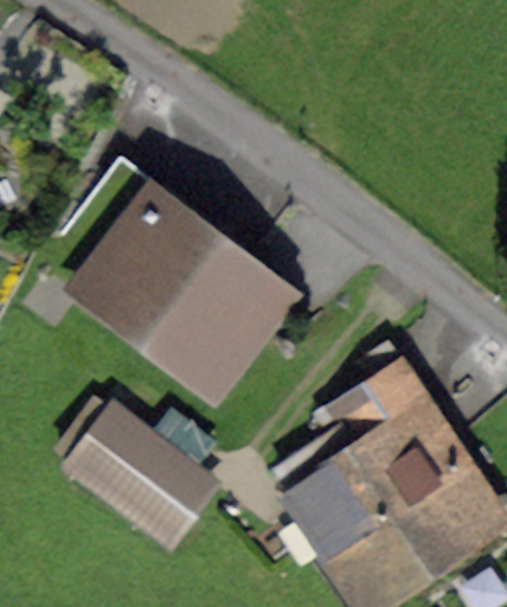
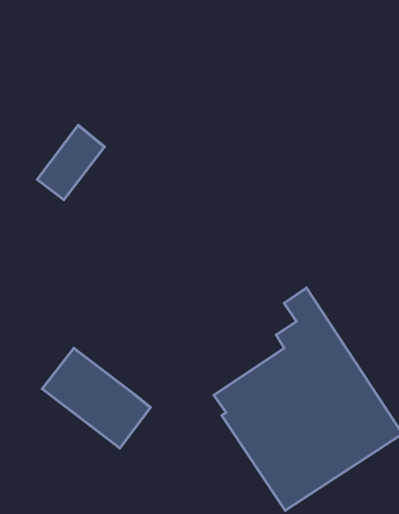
building: [89,196,276,372] -> none

